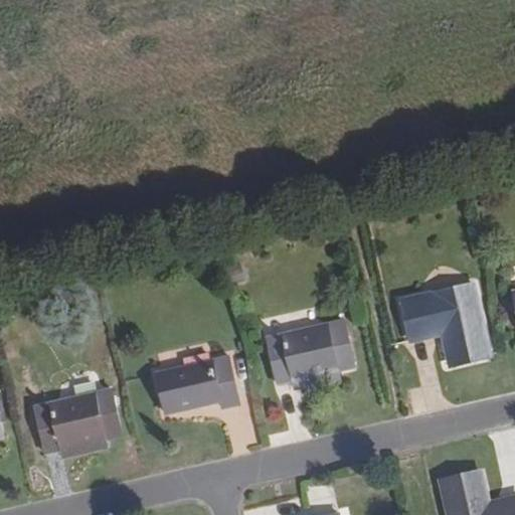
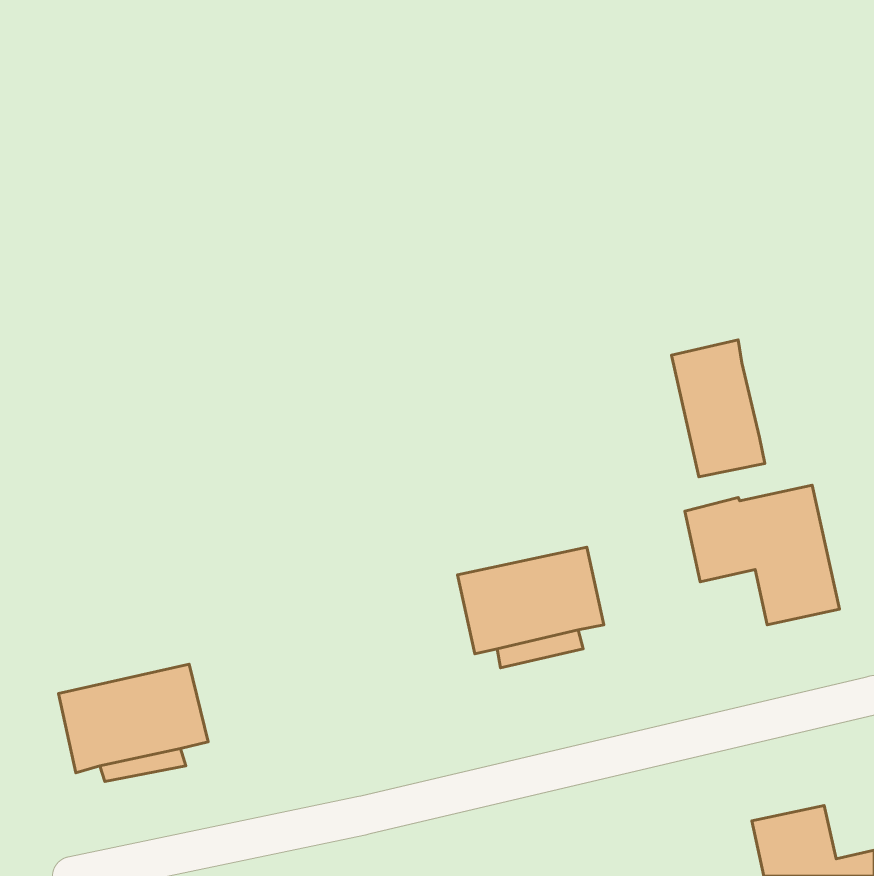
building: none -> [672,340,765,477]
building: [156,356,238,412] -> none

